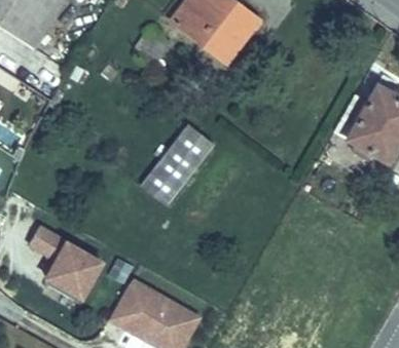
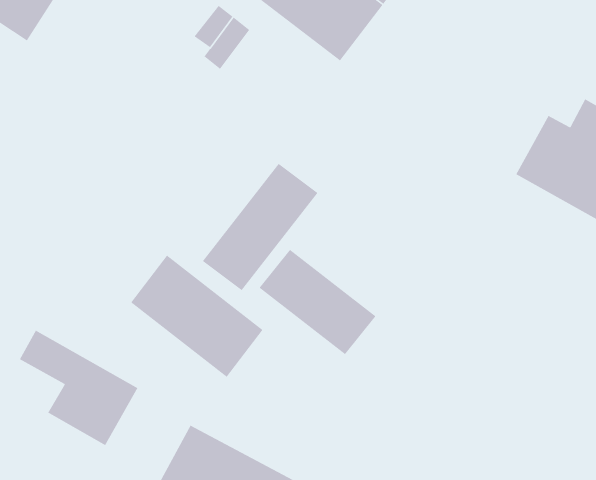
building: none -> [259,249,376,355]
building: none -> [130,254,264,378]

